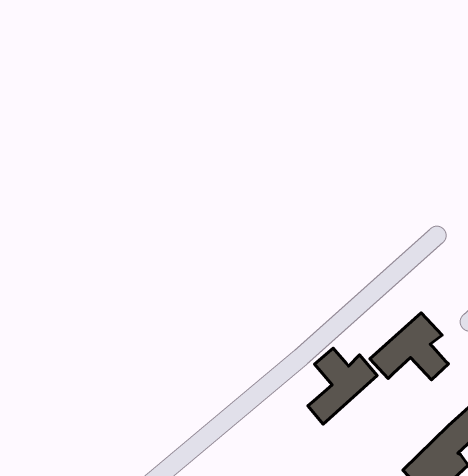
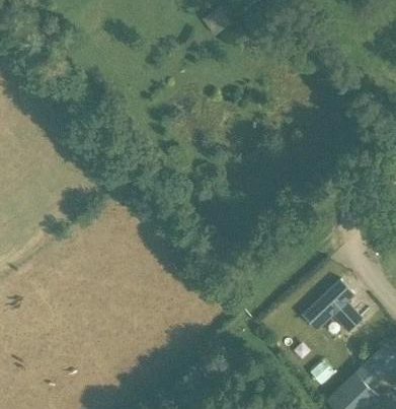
building: [308,348,377,424] -> none

